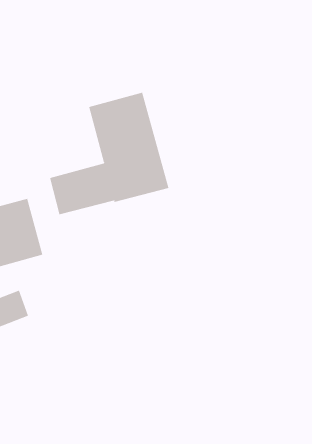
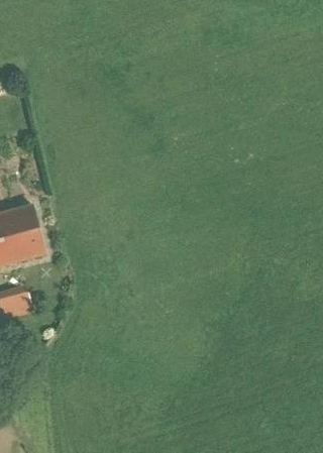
building: [49,92,169,215] -> none

